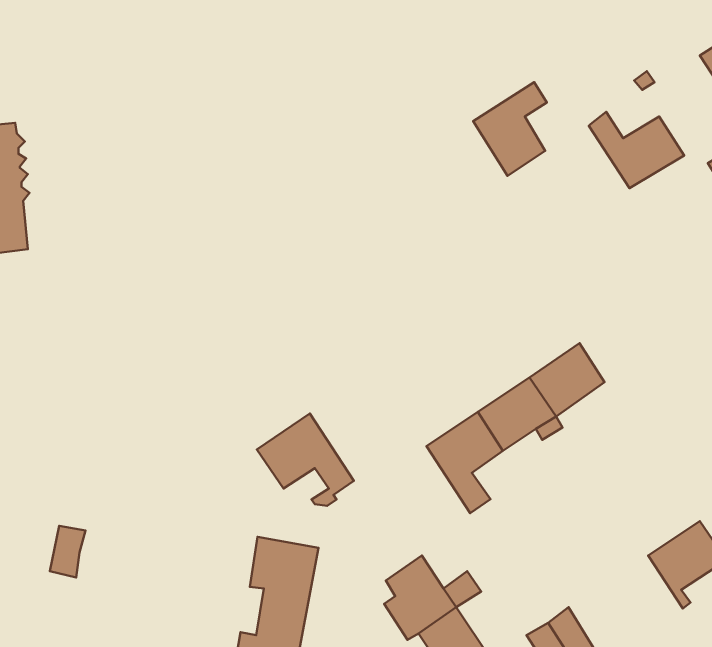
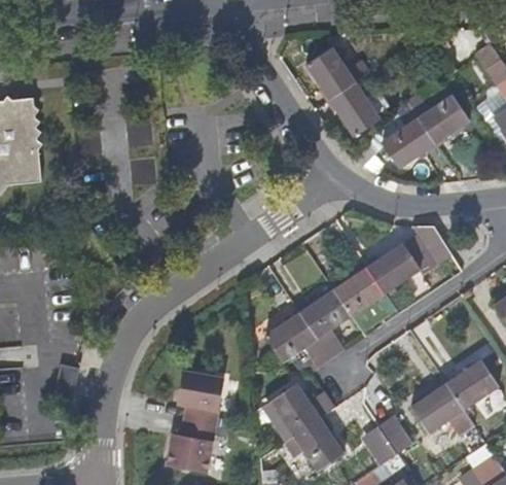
building: none -> [306,48,369,98]
building: none -> [381,101,432,167]
building: none -> [404,224,450,275]
building: [257,414,354,506] -> [263,312,327,373]
building: none -> [410,384,473,436]

